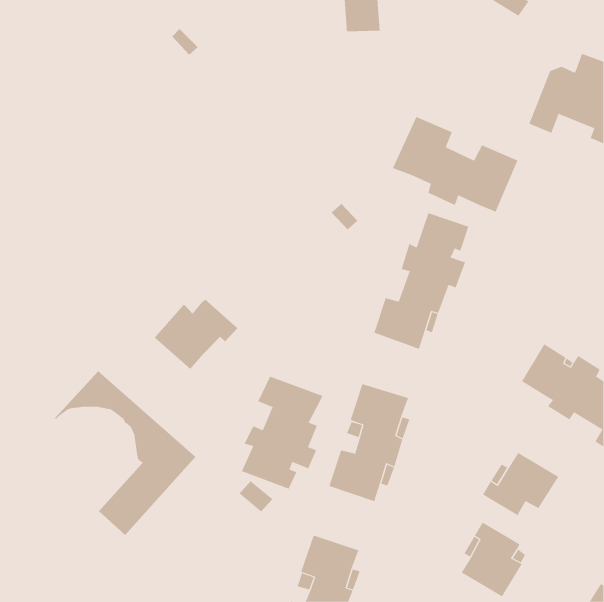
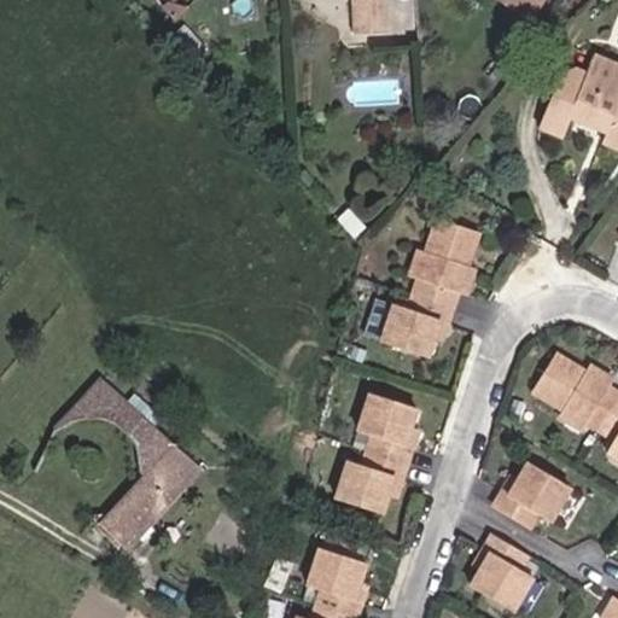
building: [392,116,518,213] -> none
building: [154,299,238,370] -> none
building: [241,376,323,490] -> none

